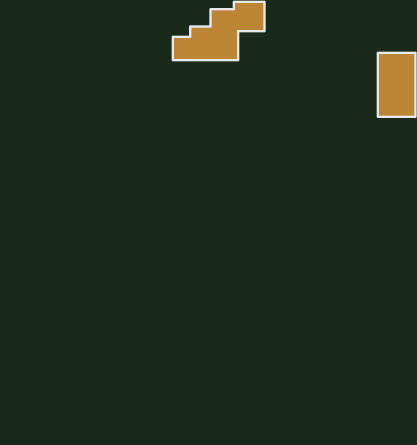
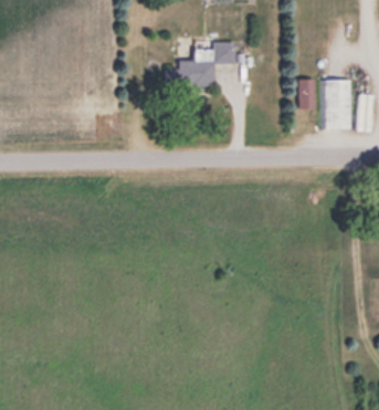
building: none -> [298,78,315,107]

